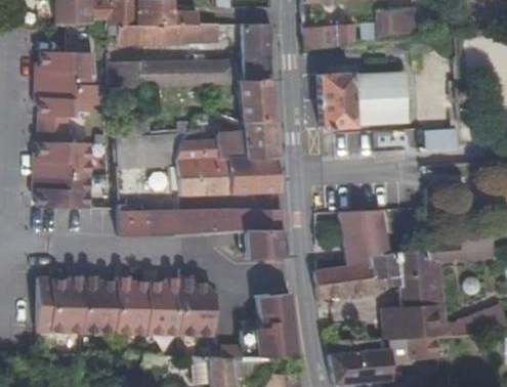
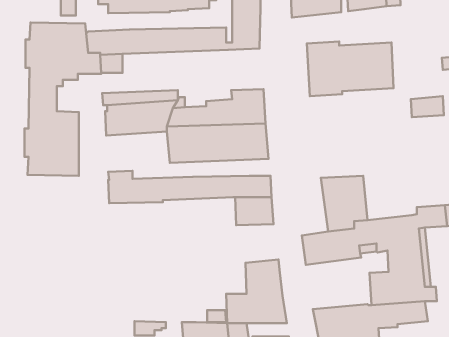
building: [240,80,276,122] -> none
building: [37,276,215,334] -> none

